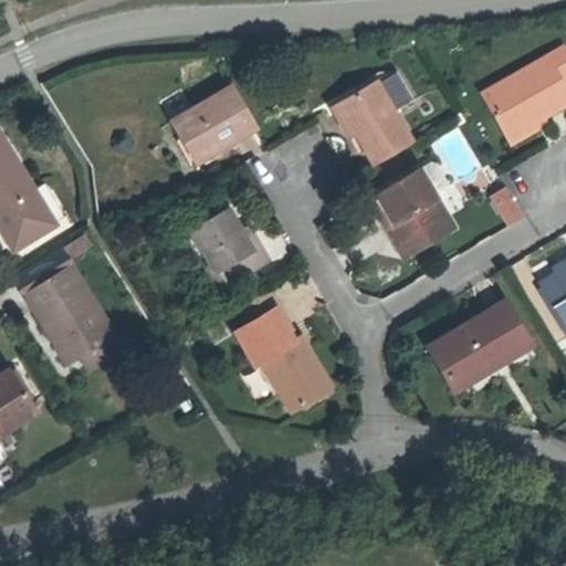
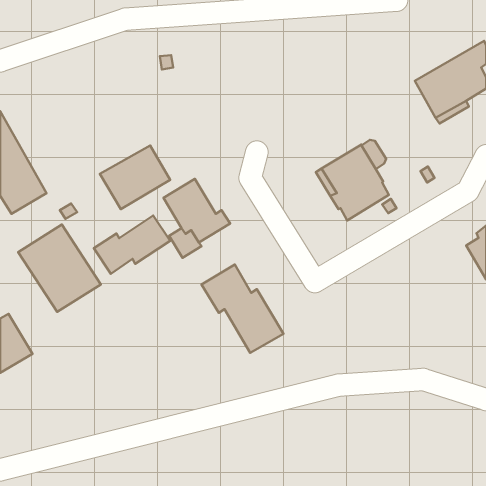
building: [336,71,413,165] -> none
building: [171,87,253,161] -> [100,145,170,209]
building: none -> [94,216,170,274]
building: [430,303,528,388] -> none

